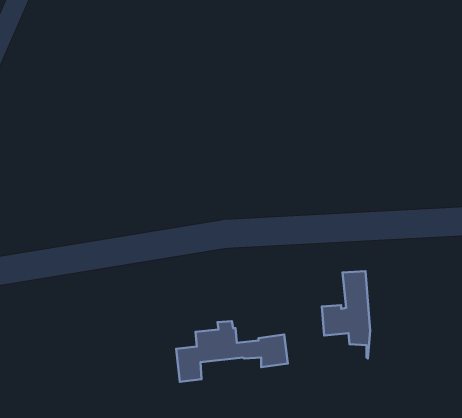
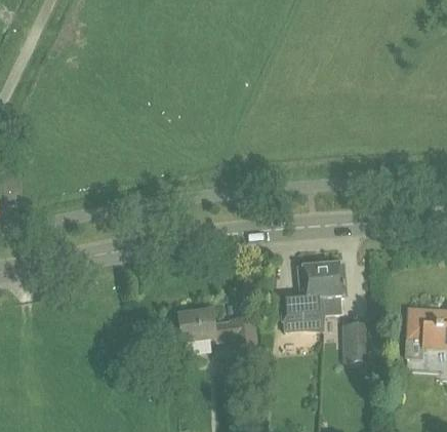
building: none -> [321,265,342,317]
building: none -> [340,324,367,365]

